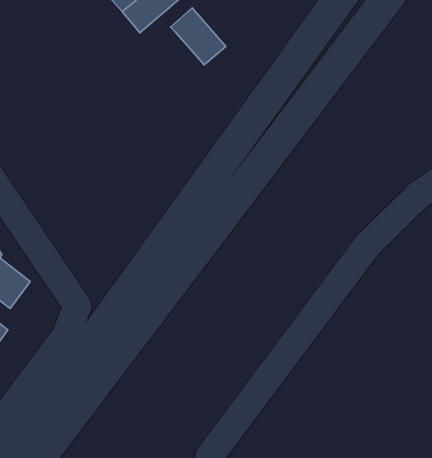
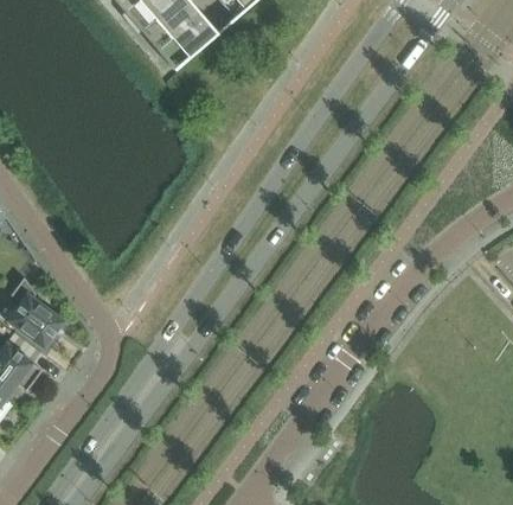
building: [170,8,226,65] -> none

